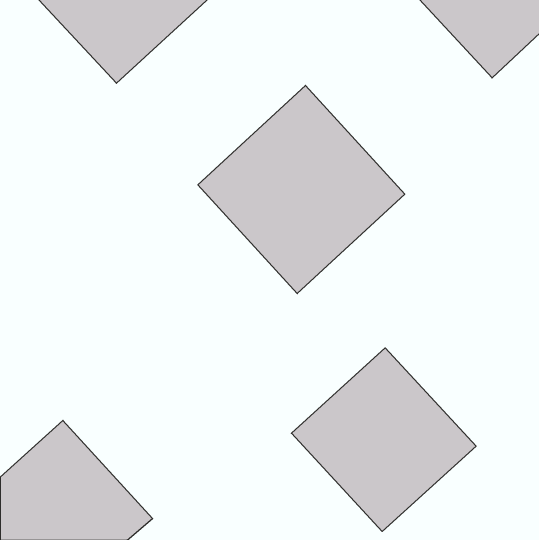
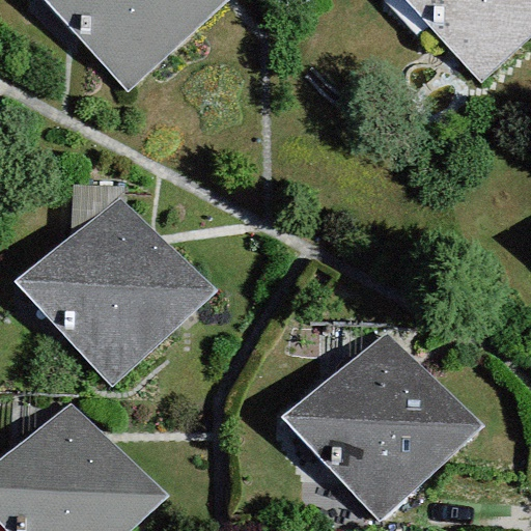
building: [198,85,405,294] -> none
building: none -> [26,204,205,384]

